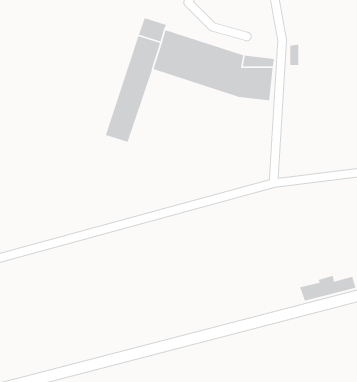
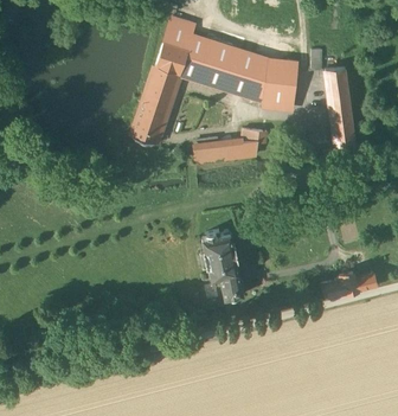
building: none -> [326,69,357,146]
building: none -> [194,129,265,162]
building: none -> [200,231,244,300]

